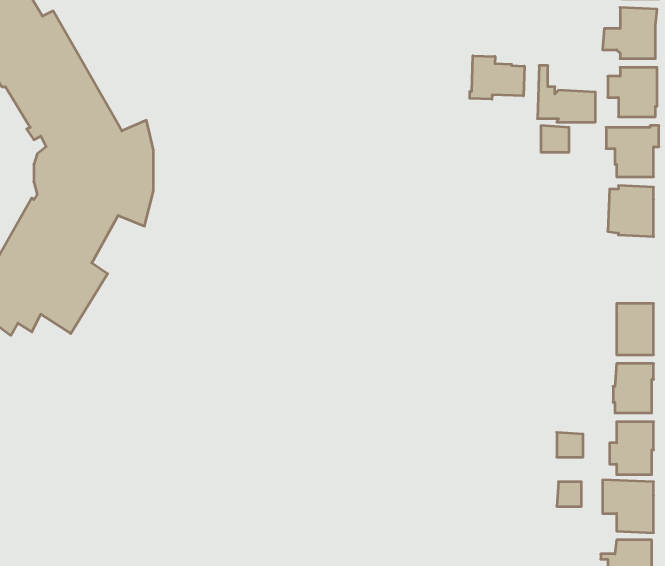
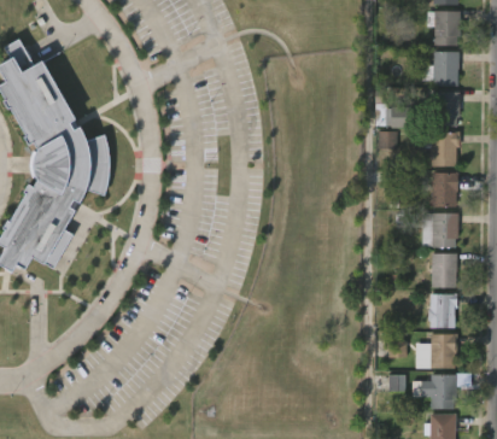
building: [470,56,524,99] -> none
building: none -> [421,213,457,248]

